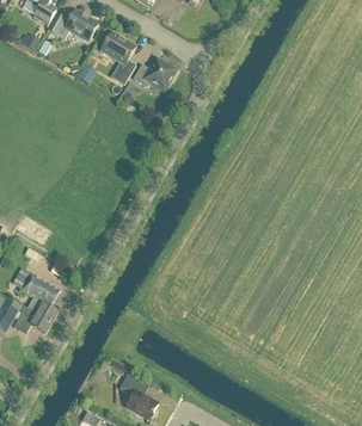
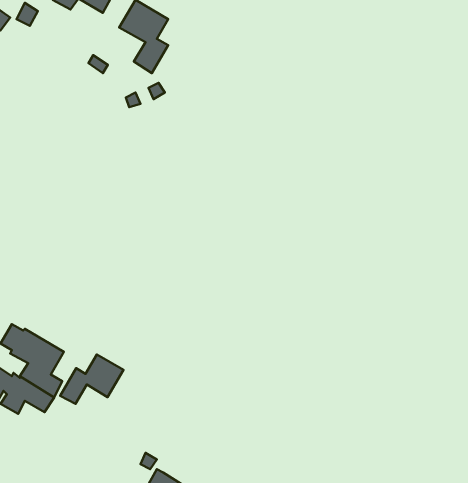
building: [133,57,177,88] -> none
building: none -> [60,355,123,404]

